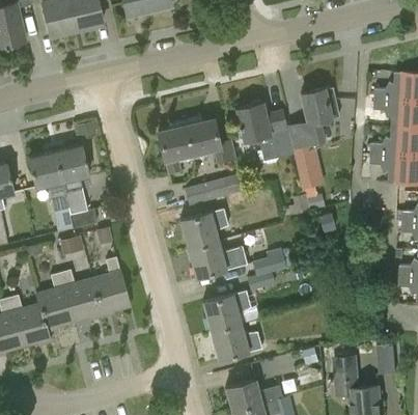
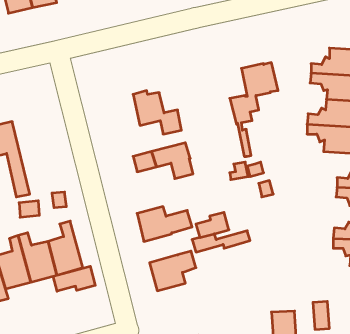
building: [236,104,296,165] -> none
building: [158,121,192,173] -> none
building: [55,145,97,228] -> none
building: [180,209,228,249] -> none
building: none -> [53,266,95,291]
building: [211,324,262,361] -> none

